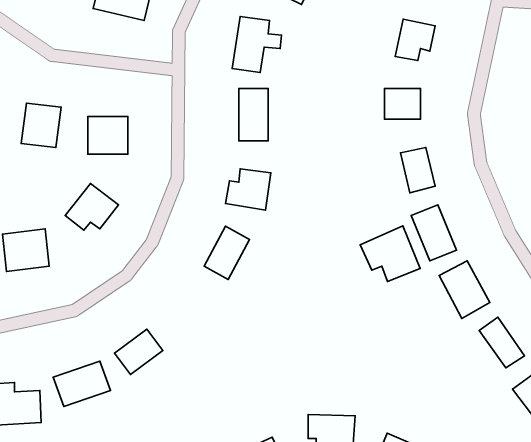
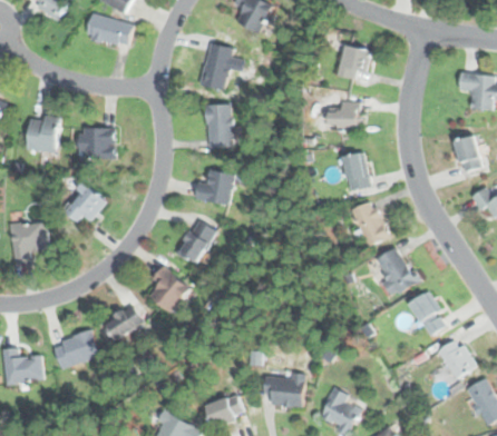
building: [360,226,420,282] -> none
building: none -> [152,265,191,311]

